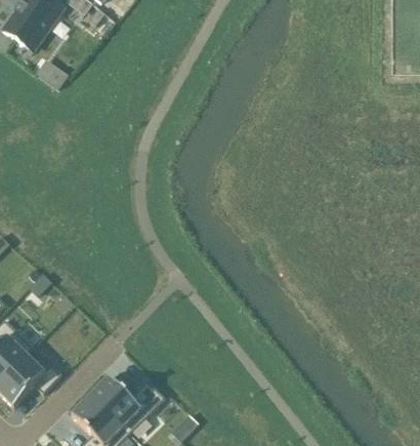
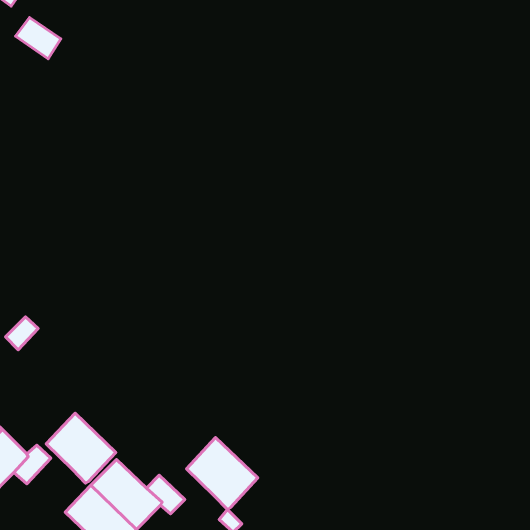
building: none -> [46,413,116,483]
building: none -> [187,438,258,509]

